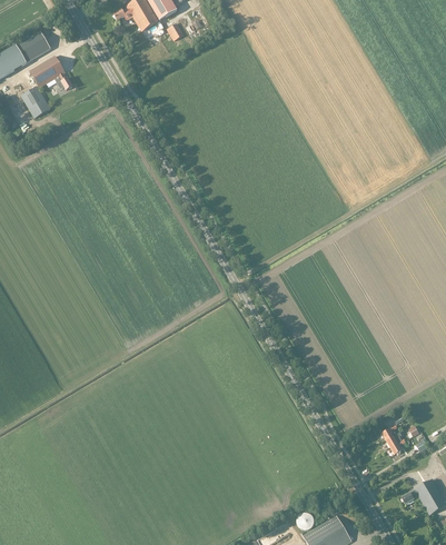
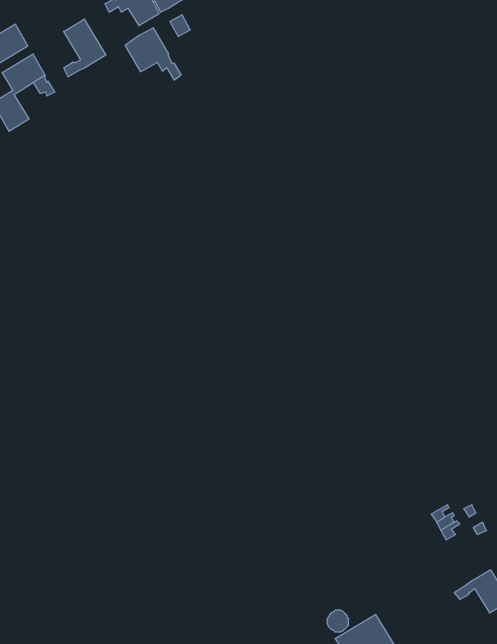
building: none -> [64,19,106,77]
building: none -> [125,28,181,80]

